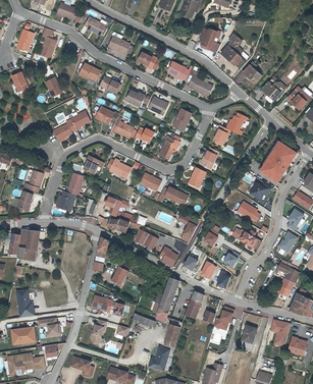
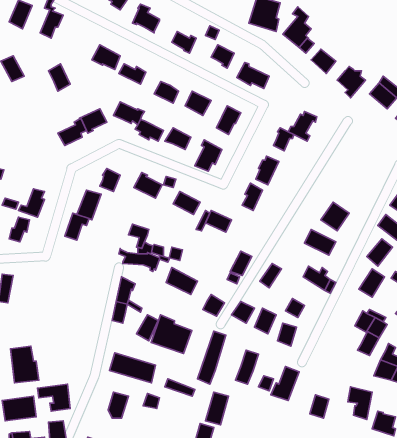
building: [257,142,296,184] -> none
building: [16,231,37,260] -> none
building: none -> [151,315,192,354]

